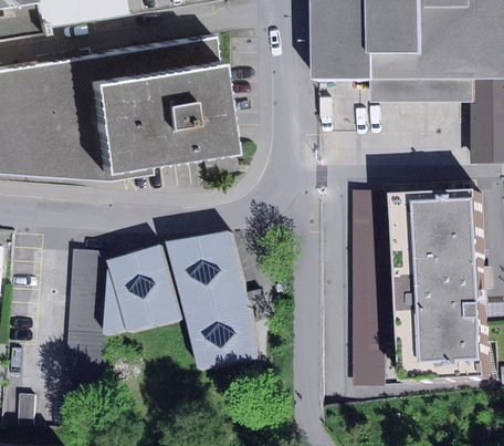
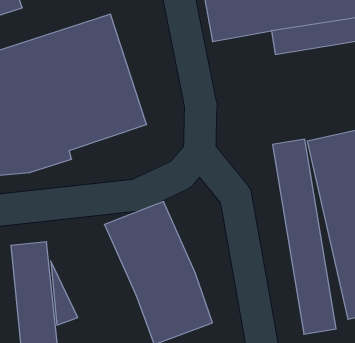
building: [111,247,187,335] -> none

